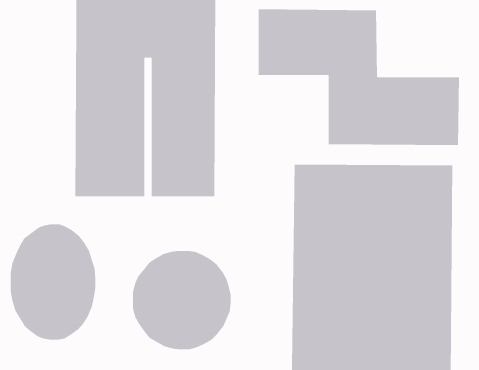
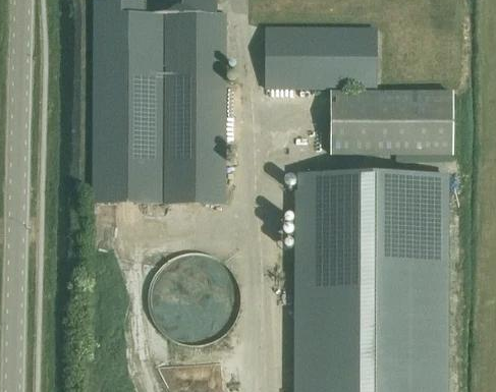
building: [10,224,96,340] -> none

